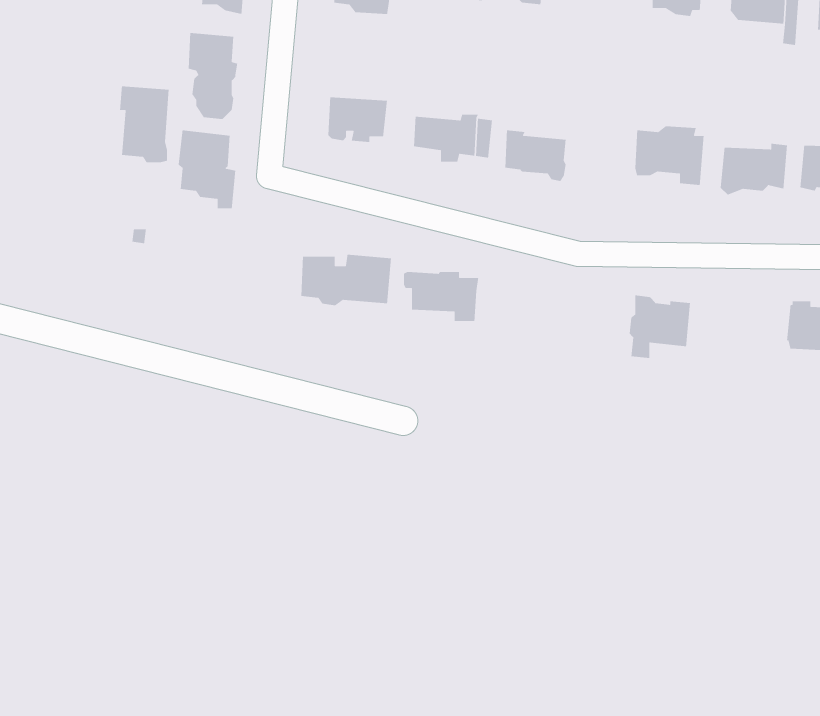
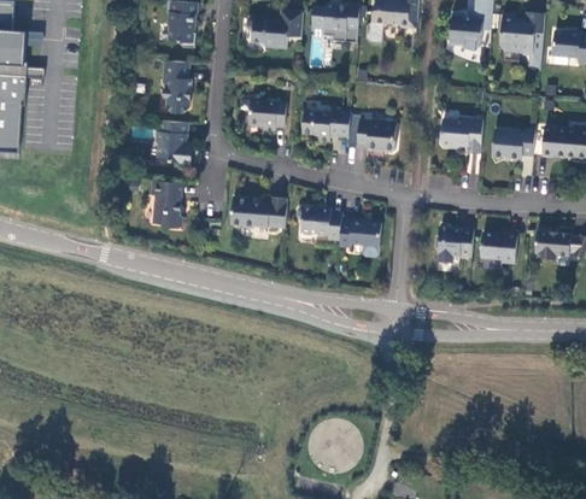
building: [119,85,170,163] -> [151,178,182,227]
building: none -> [339,217,381,246]
building: none -> [480,228,516,260]

